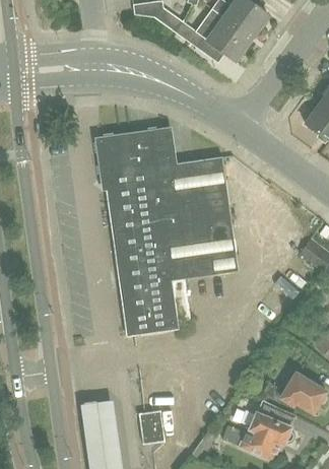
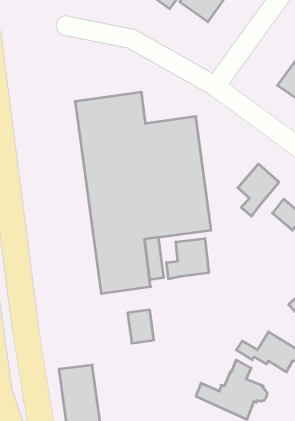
building: none -> [238,164,279,216]
building: none -> [167,238,209,279]
building: [137,409,163,443] -> [128,310,154,343]

